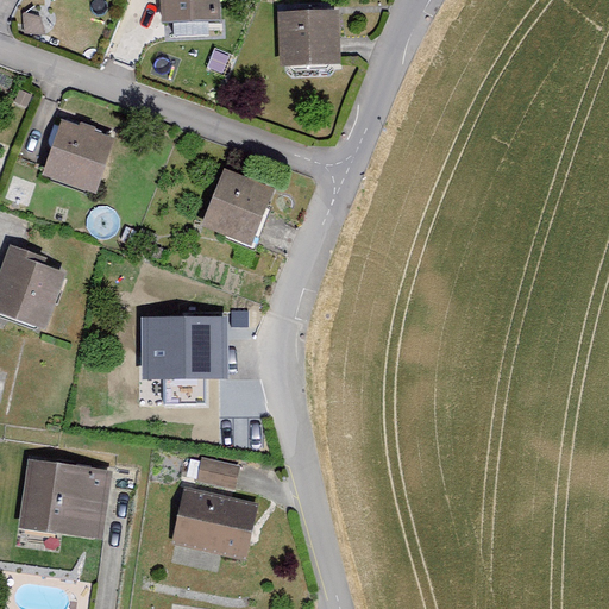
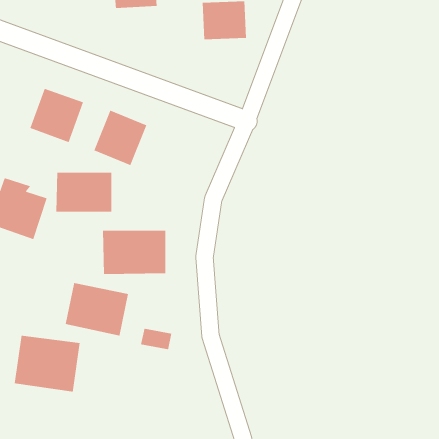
building: [201,169,275,246] -> [93,110,147,166]
building: none -> [56,172,112,212]
building: [170,489,258,563] -> [65,282,129,336]

